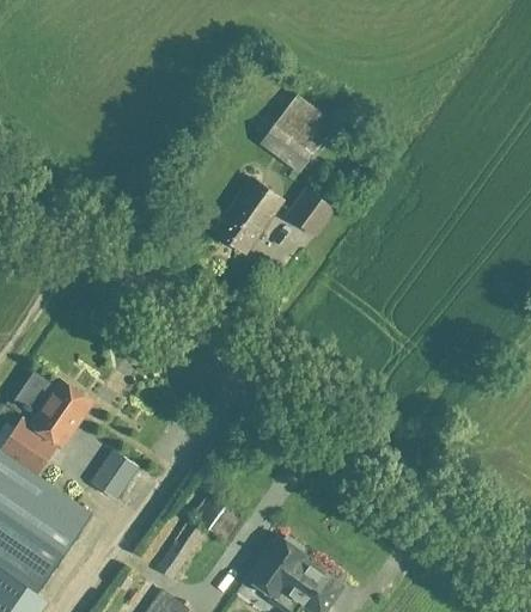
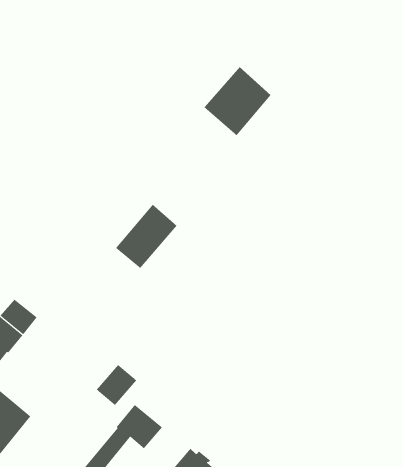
building: [214,177,283,252] -> [115,204,178,269]
building: [287,189,335,234] -> none
building: [91,451,138,498] -> [96,364,137,406]

